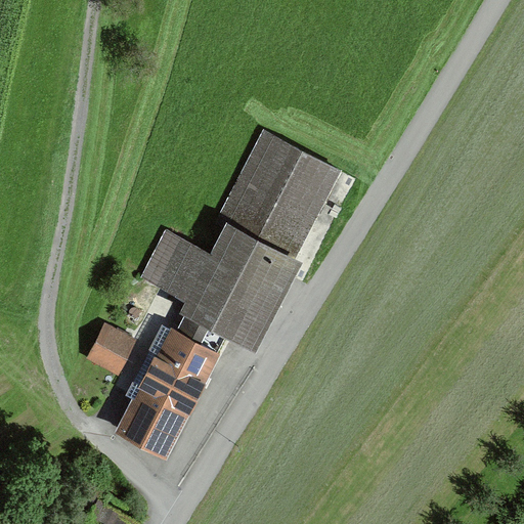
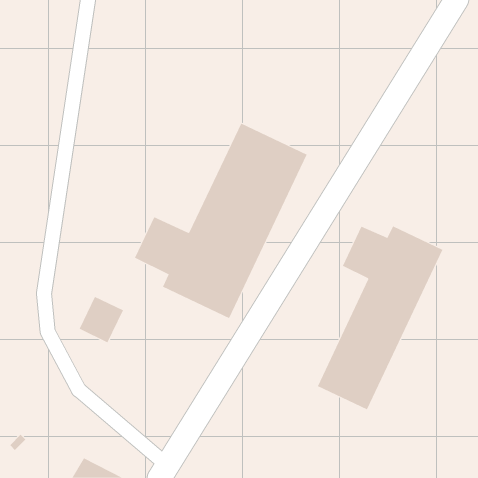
building: none -> [317,225,443,410]
building: [118,325,218,455] -> none

